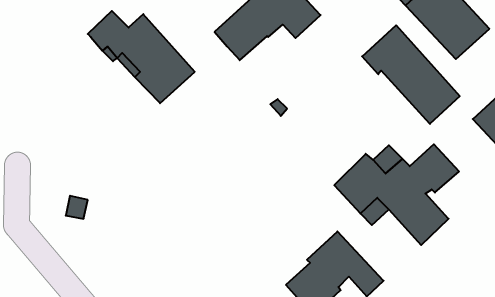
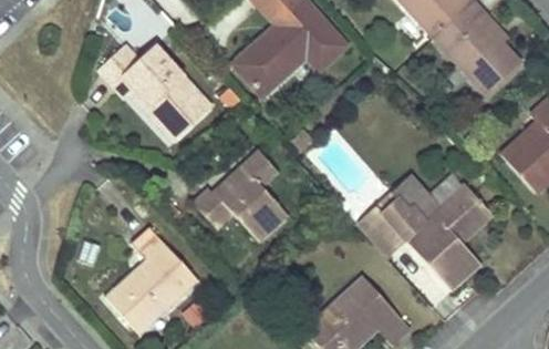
building: [362,25,460,124] -> none
building: none -> [190,148,286,238]
building: none -> [106,225,197,326]

